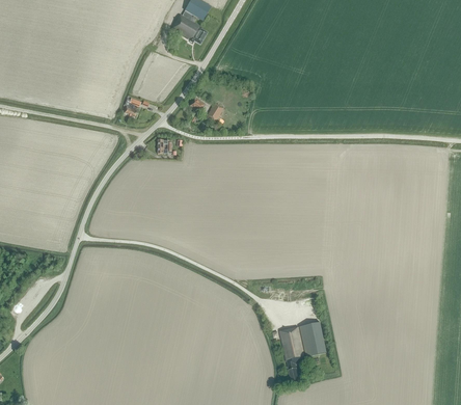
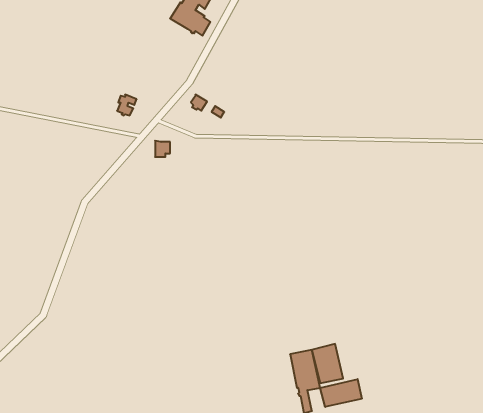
building: none -> [320,379,362,407]

